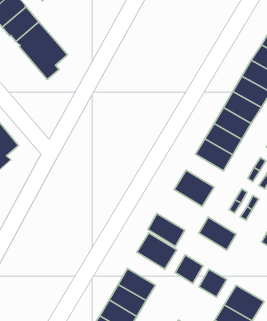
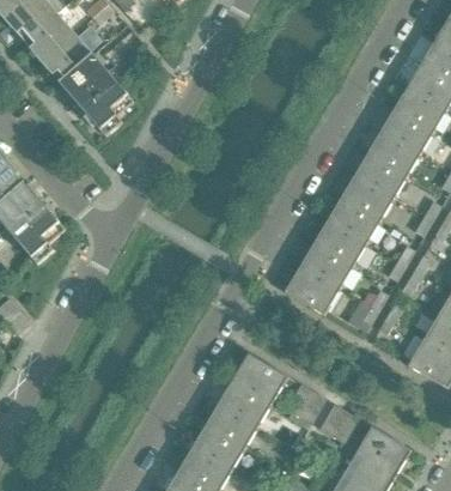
building: [148,213,185,246] -> [218,380,270,426]
building: [199,217,236,250] -> [300,241,353,287]

